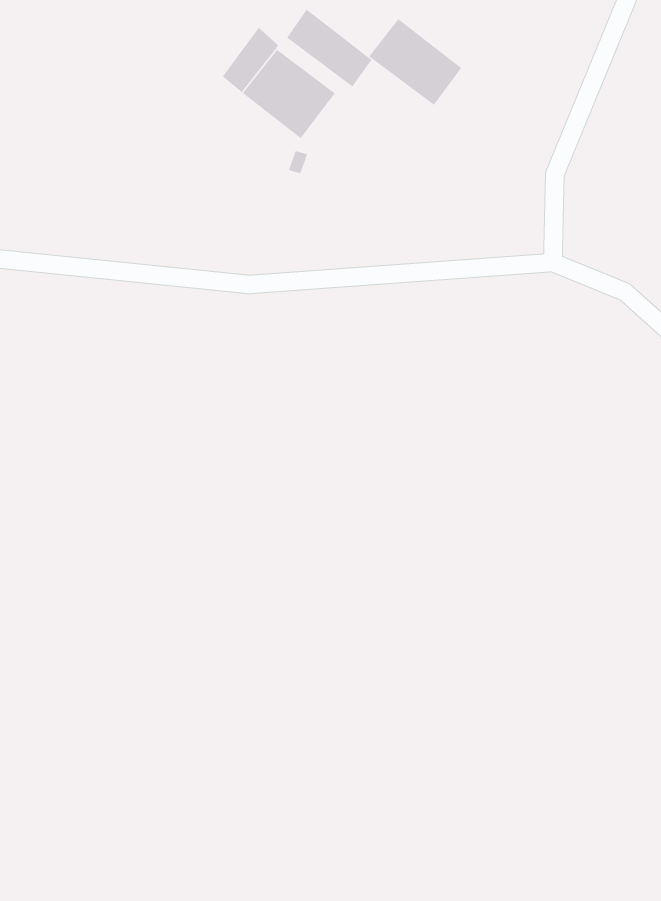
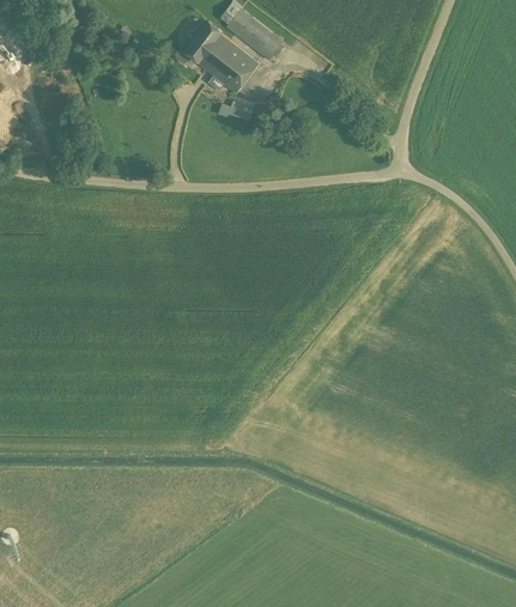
building: [368,18,462,106] -> none

